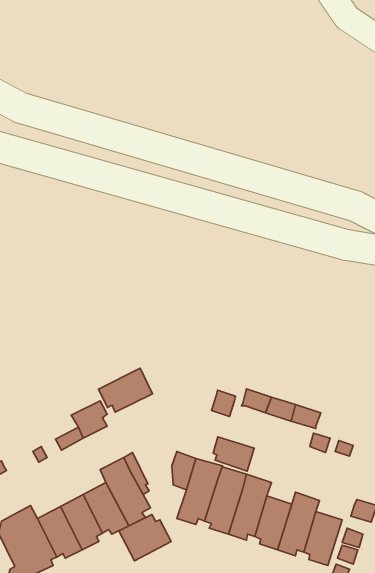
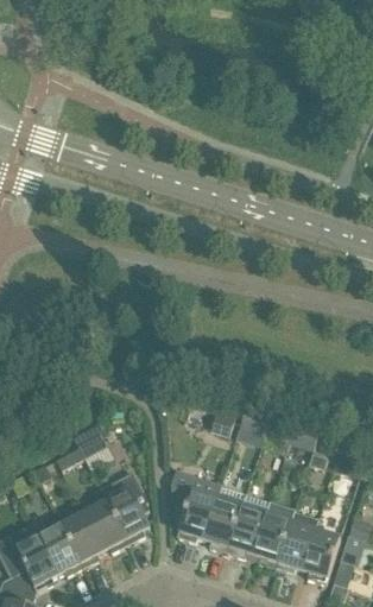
building: [98,368,152,412] -> none
building: [213,437,254,471] -> none
building: [119,515,171,561] -> none

